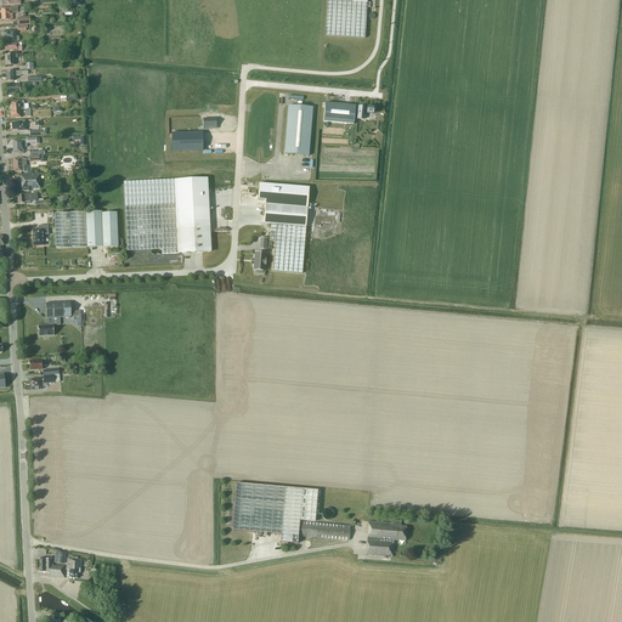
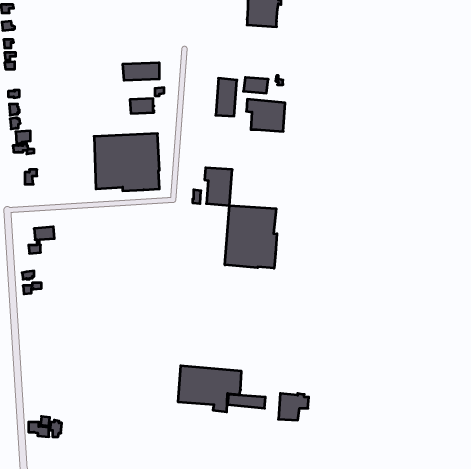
building: none -> [123,63,159,80]
building: [258,181,309,224] -> [246,99,285,131]
building: [55,209,118,247] -> none
building: none -> [225,205,277,268]

